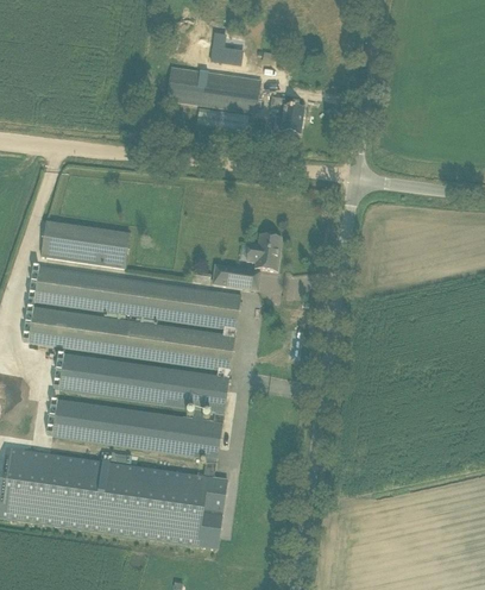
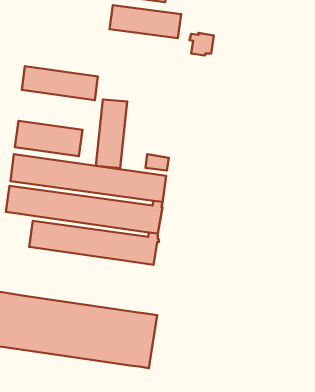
building: none -> [22,66,98,100]
building: none -> [96,99,127,168]
building: [251,231,279,270] -> none
building: [51,400,222,458] -> none

